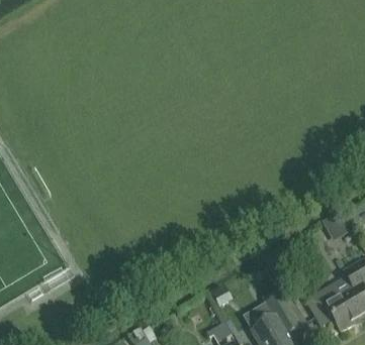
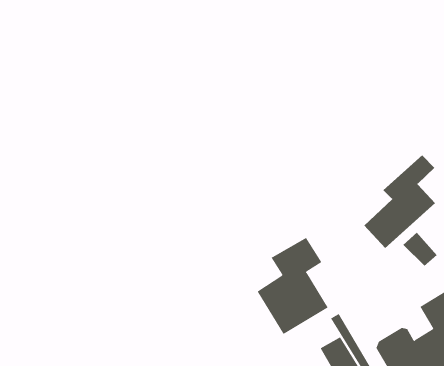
building: none -> [364,155,436,249]
building: none -> [257,237,328,335]

